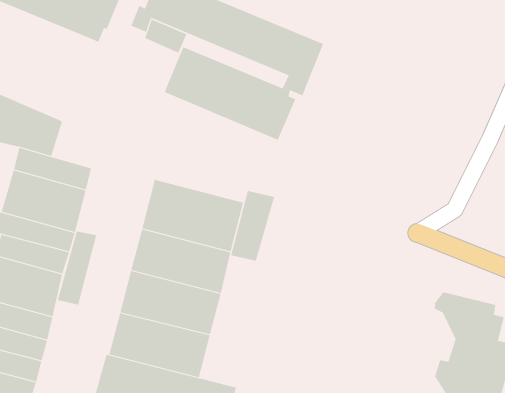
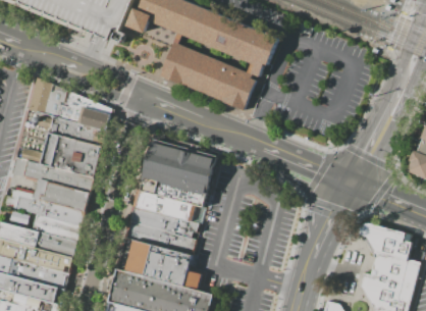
building: none -> [75,97,112,132]
building: [230,190,275,261] -> none
building: [57,231,97,305] -> none

